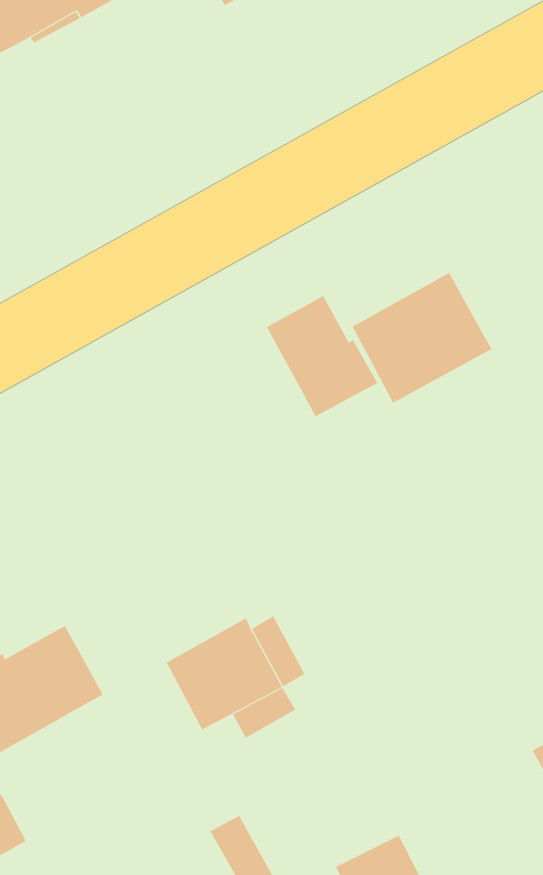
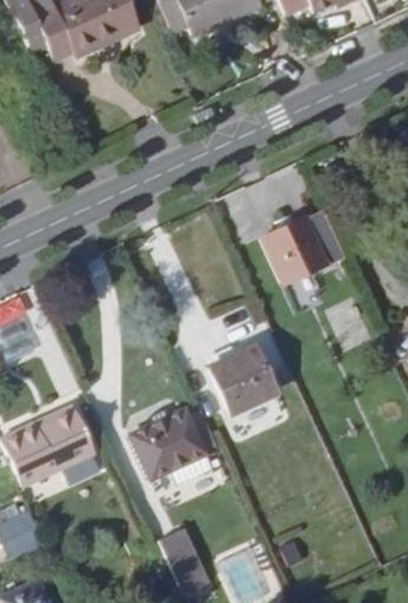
building: [266,295,378,417] -> none
building: none -> [206,345,274,413]

